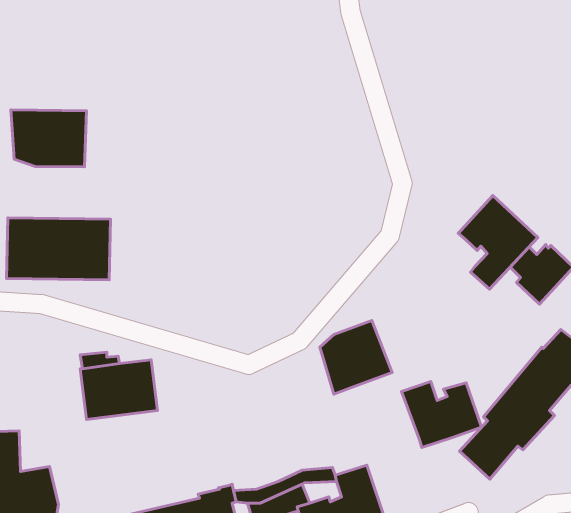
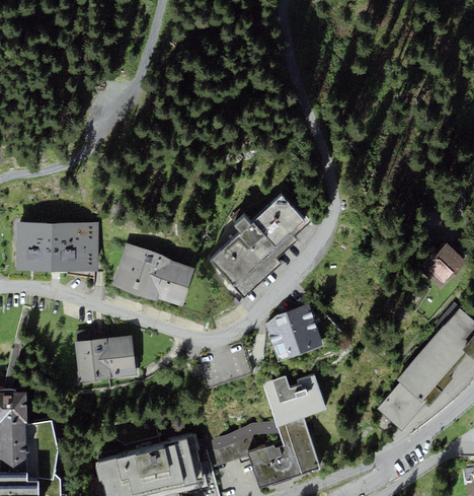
building: [11,110,86,167] -> none
building: none -> [210,195,307,296]
building: [458,195,538,289] -> none
building: none -> [111,242,194,307]
building: [402,381,482,447] -> [261,374,325,427]

